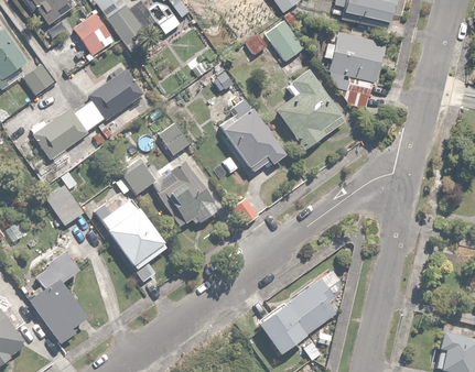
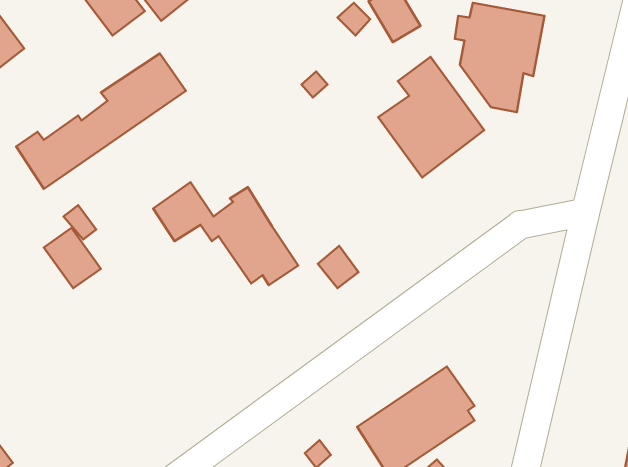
building: [22,66,54,98] -> none
building: [217,100,282,174] -> none
building: [158,122,188,155] -> none
building: [99,198,165,267] -> none
building: [29,251,89,342] -> none

